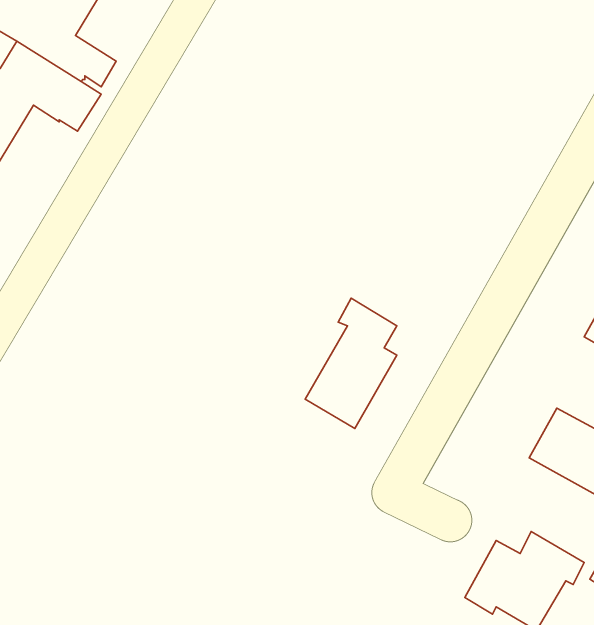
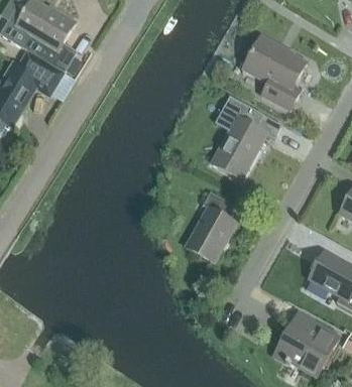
building: none -> [241,33,306,109]
building: none -> [211,95,282,178]

